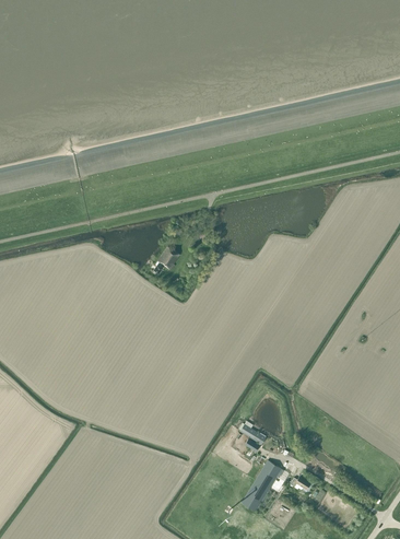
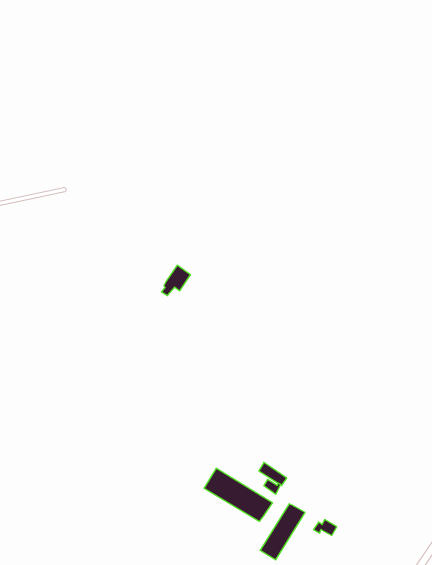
building: none -> [204,468,272,521]

